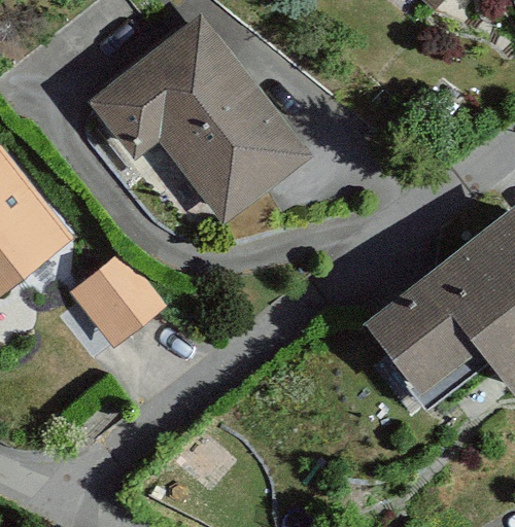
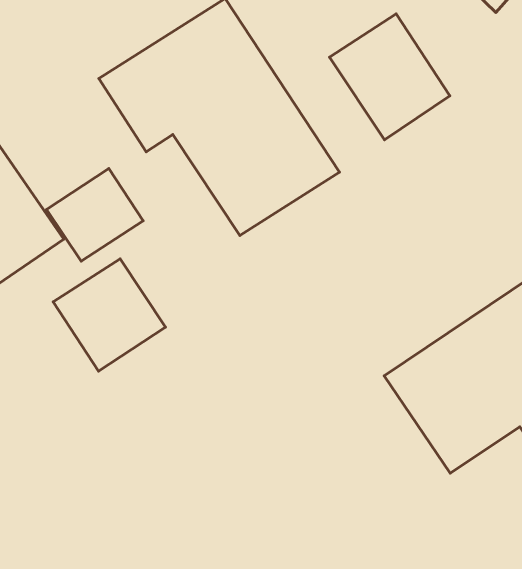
building: none -> [330,14,450,140]
building: none -> [46,168,143,261]

